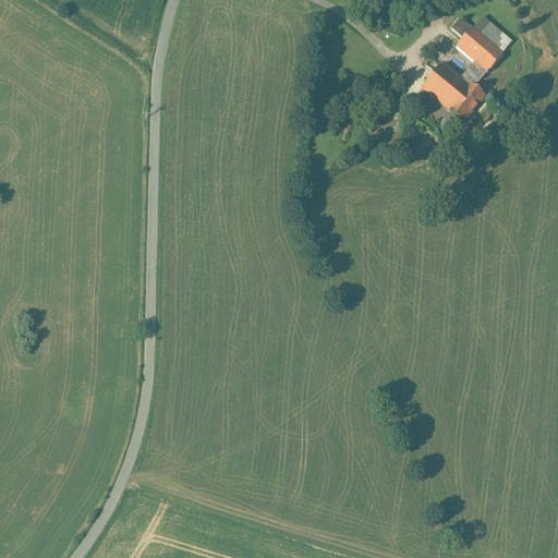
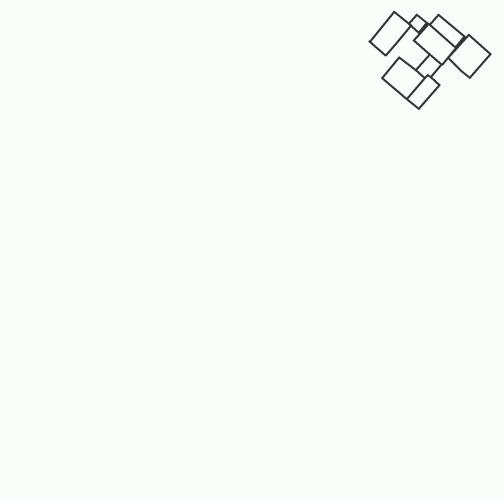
building: none -> [369,12,411,55]
building: none -> [448,35,490,78]

